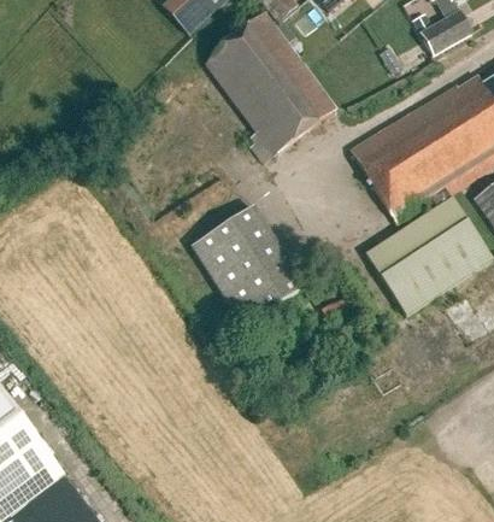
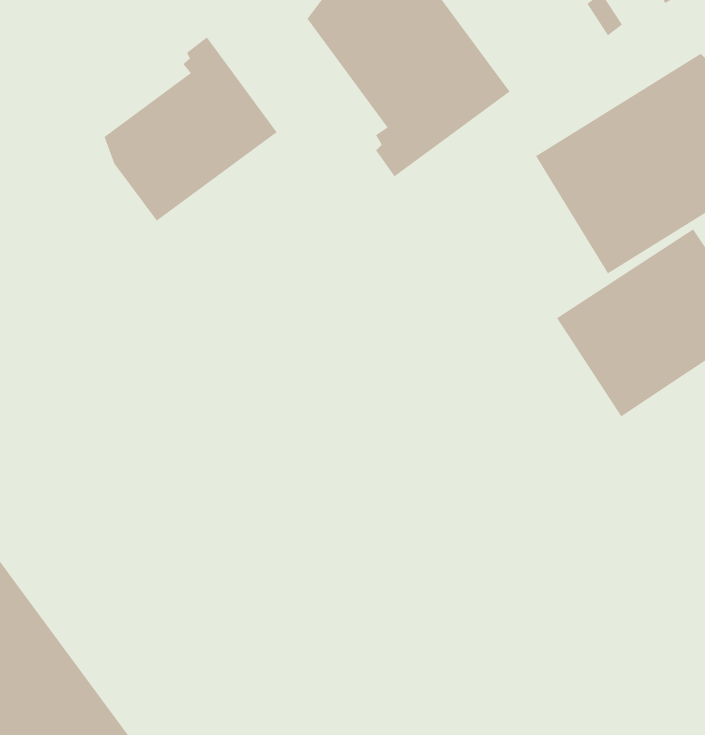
building: none -> [104,37,278,222]
building: [193,206,307,328] -> none

